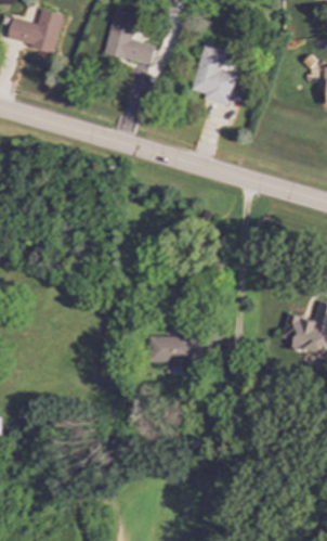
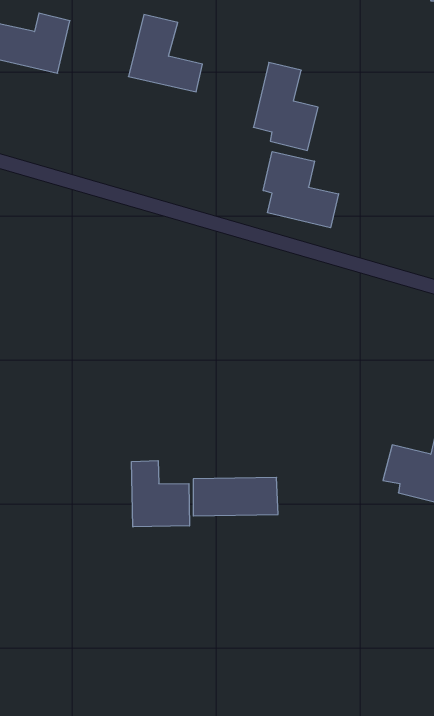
building: none -> [263,152,339,228]
building: none -> [132,461,189,527]

